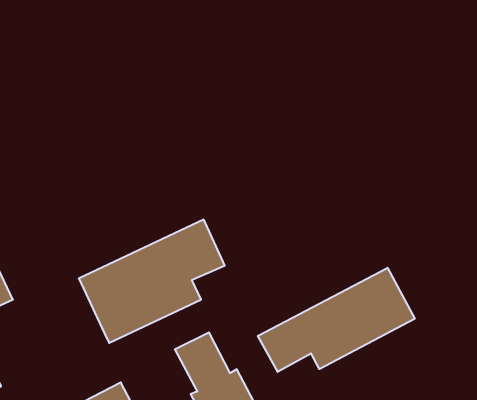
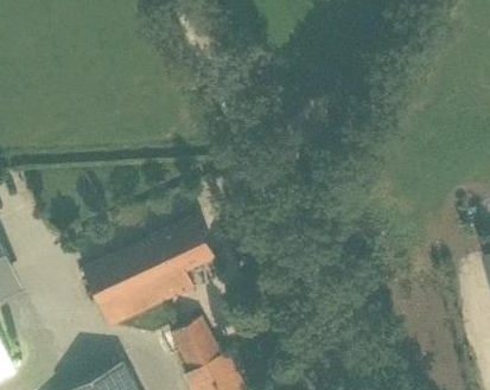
building: [258,268,415,372] -> none

